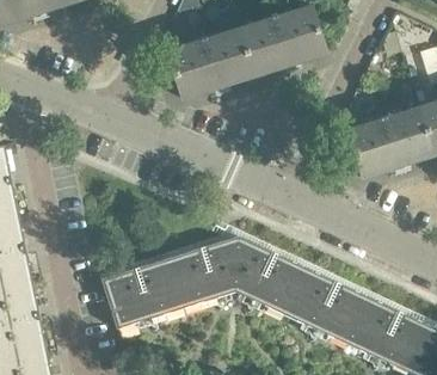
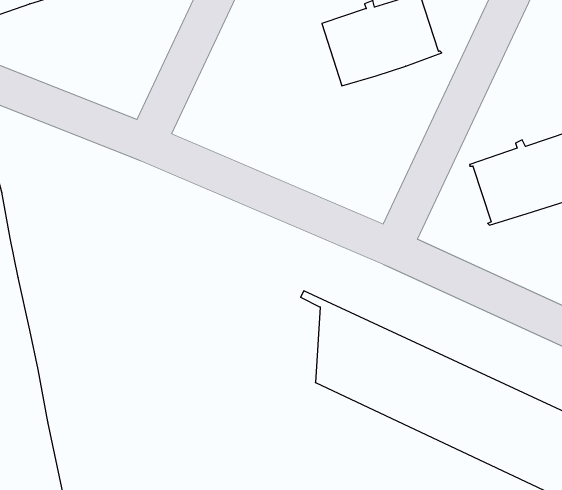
building: [165,30,252,98] -> none
building: [98,229,236,330] -> none

